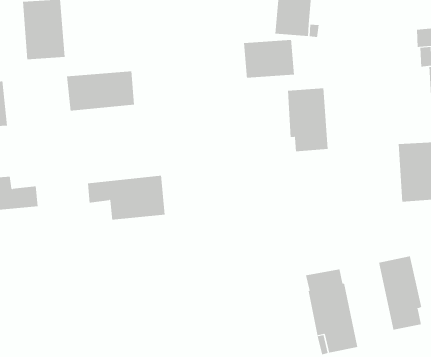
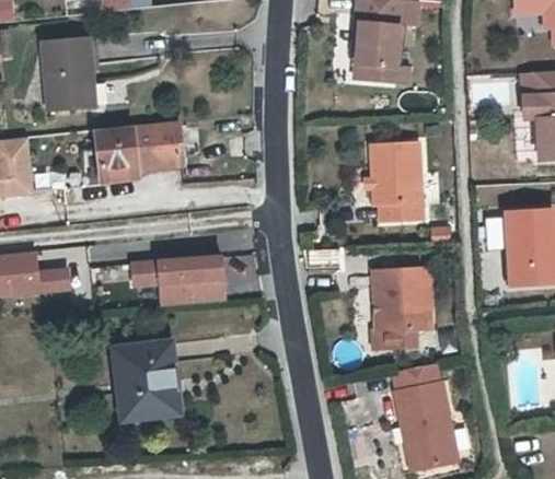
building: [244,39,294,79] -> none
building: none -> [371,270,430,349]
building: none -> [117,344,180,420]
building: [379,255,422,331] -> none

